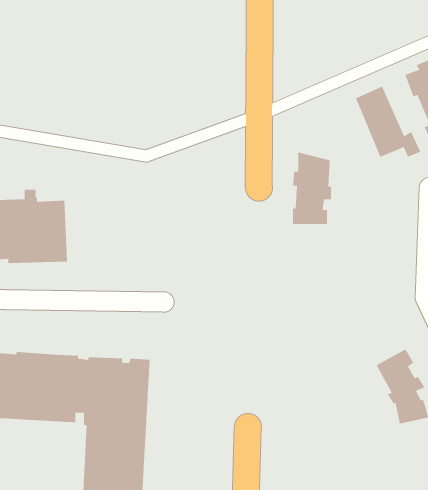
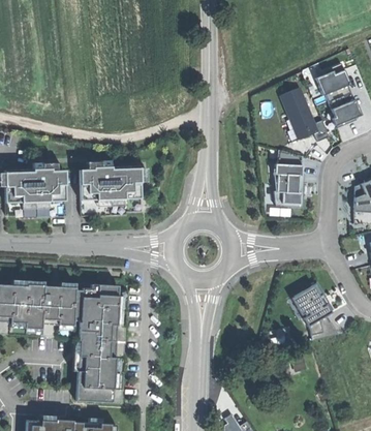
building: [292,152,332,225] -> [274,148,304,203]
building: none -> [76,160,137,216]

